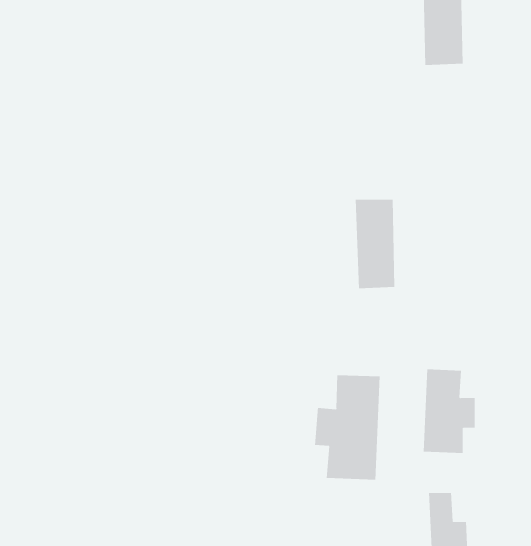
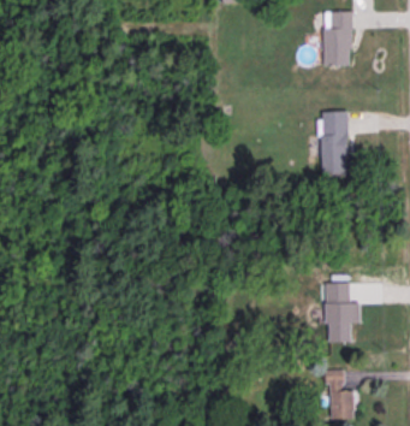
building: [355,199,395,289] -> [320,112,349,176]
building: [314,375,380,481] -> none

